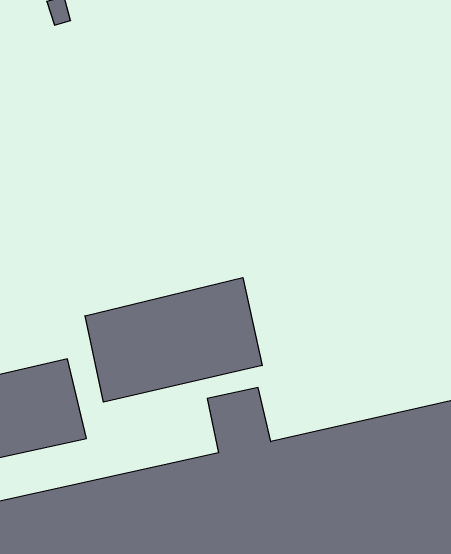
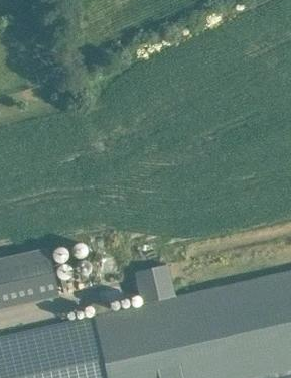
building: [85,278,262,402] -> none

